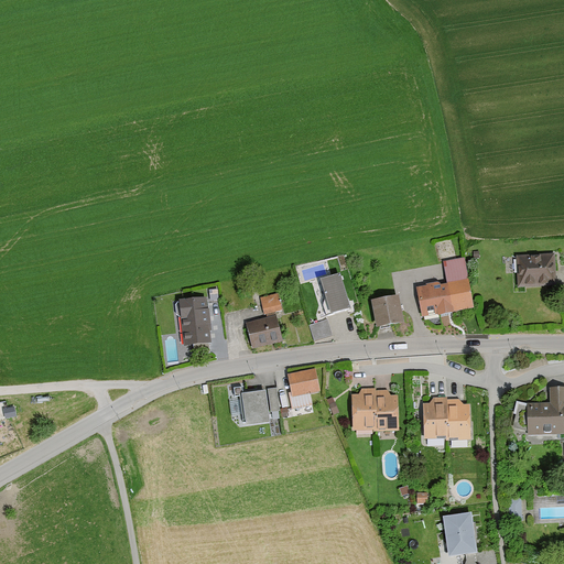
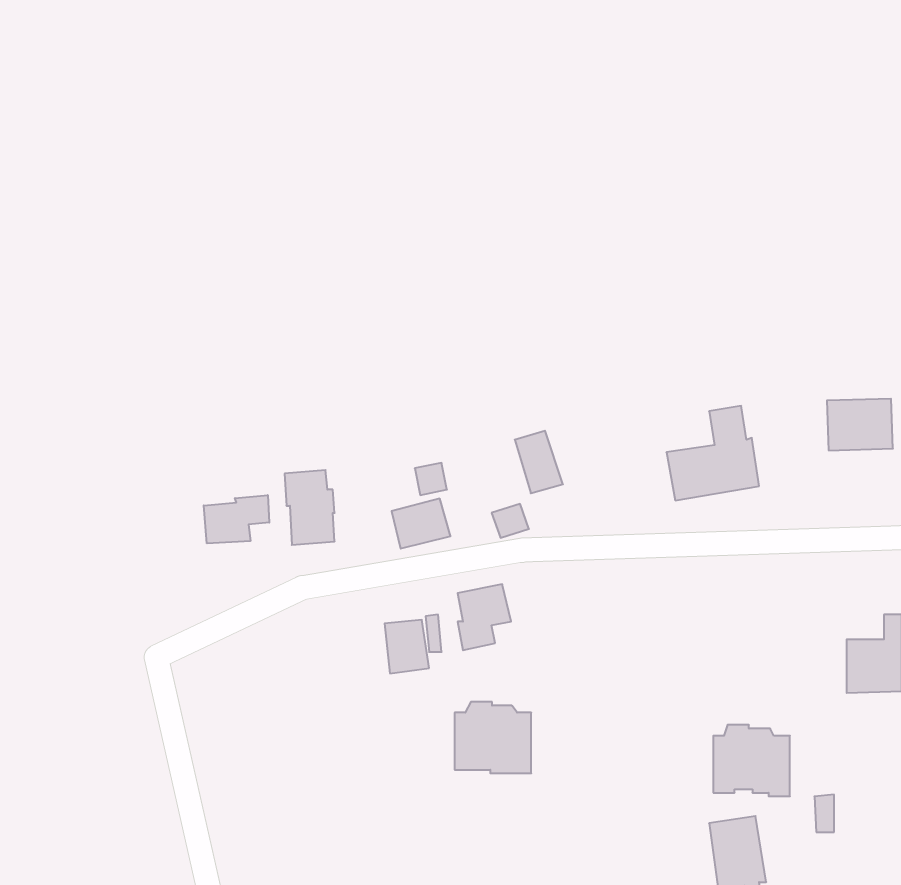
building: [371,295,402,326] -> none
building: none -> [204,495,269,543]
building: [350,387,398,431] -> [455,702,531,773]
building: [423,395,470,440] -> [713,725,790,796]

